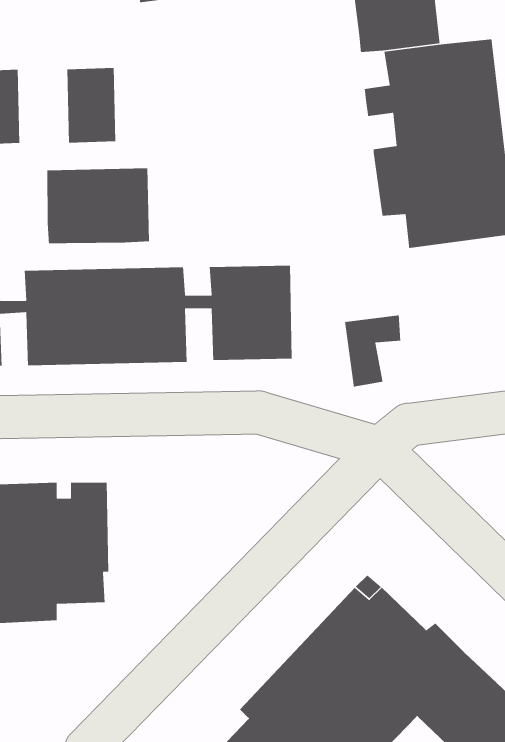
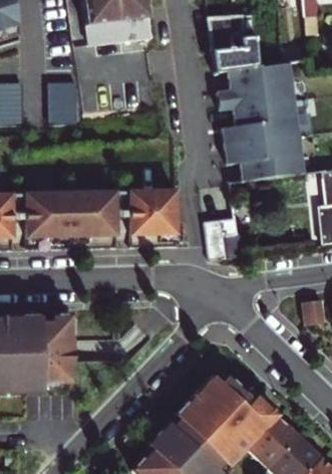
building: [47,167,150,244] -> none

